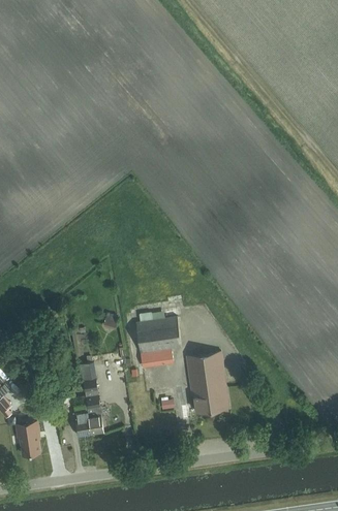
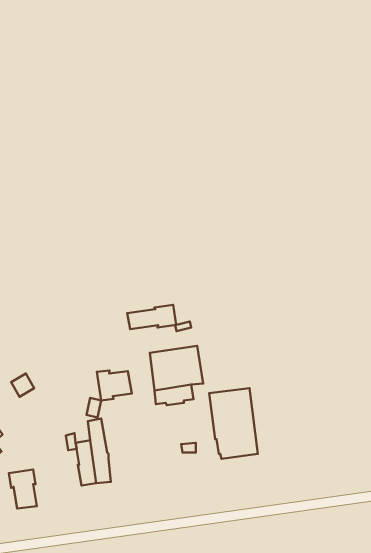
building: none -> [127,305,176,329]
building: none -> [97,370,132,400]

